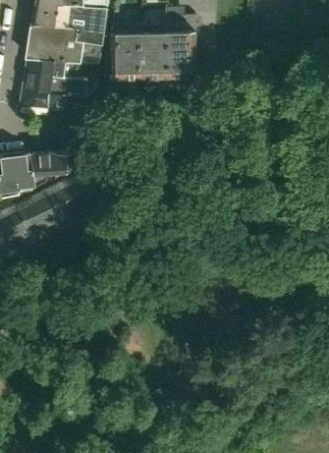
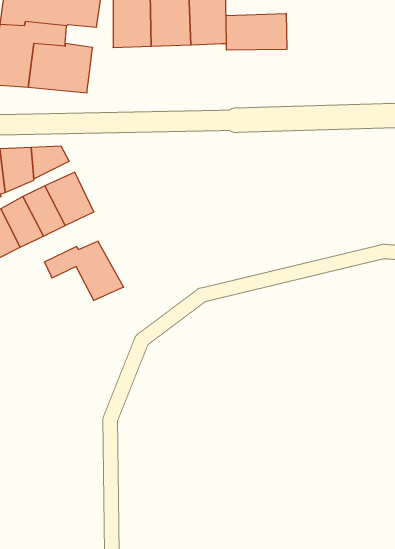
building: none -> [226,13,287,50]
building: none -> [45,241,124,301]

